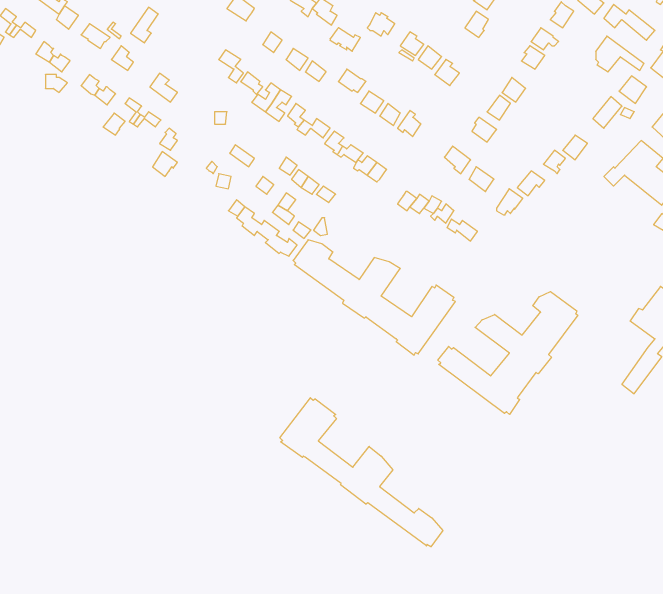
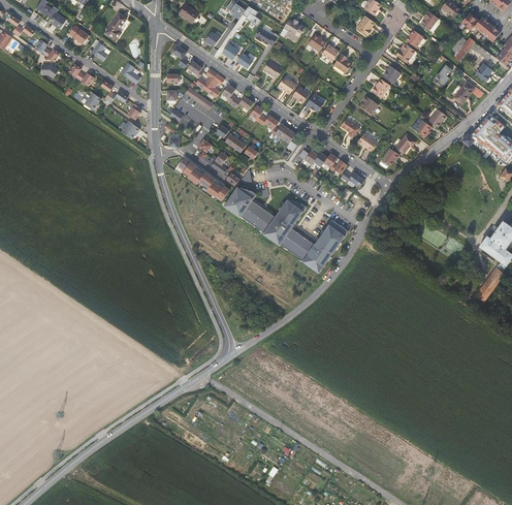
building: [438,292,578,414] -> none
building: [280,398,443,547] -> none

